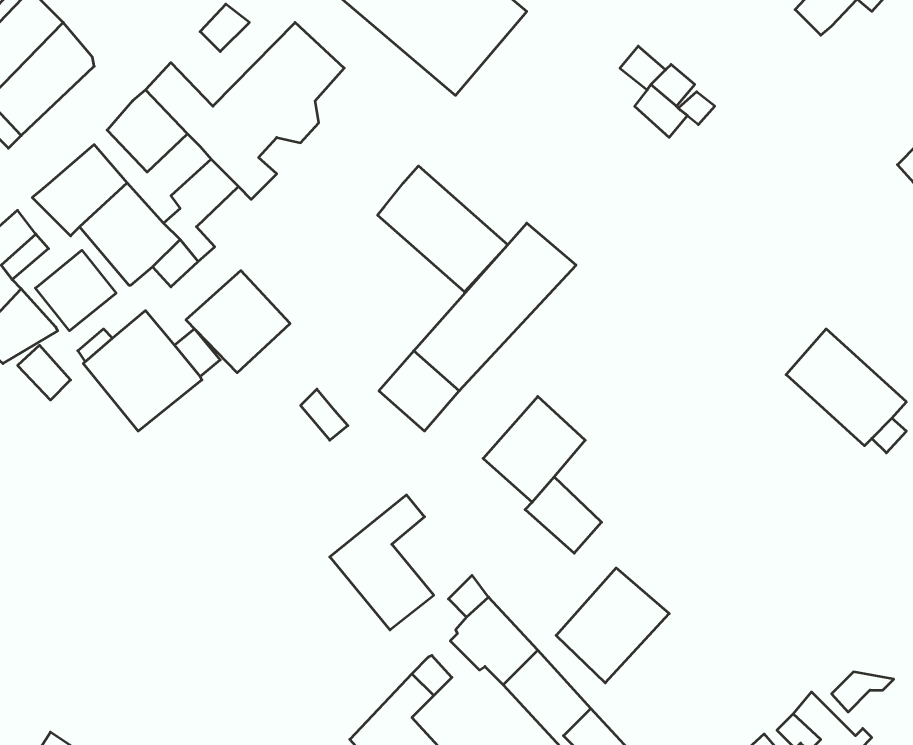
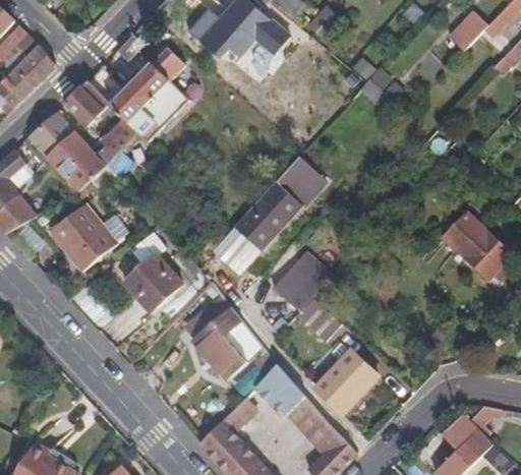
building: [378,166,508,292] -> none
building: [35,250,116,331] -> none
building: [186,271,290,373] -> [124,254,182,311]

